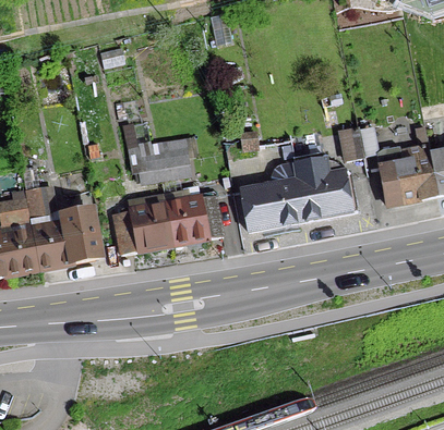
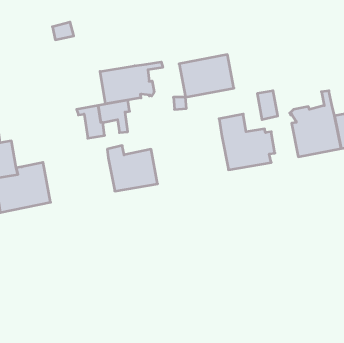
building: none -> [100,62,163,104]
building: [241,180,305,230] -> [179,55,234,97]
building: [112,205,172,254] -> none

